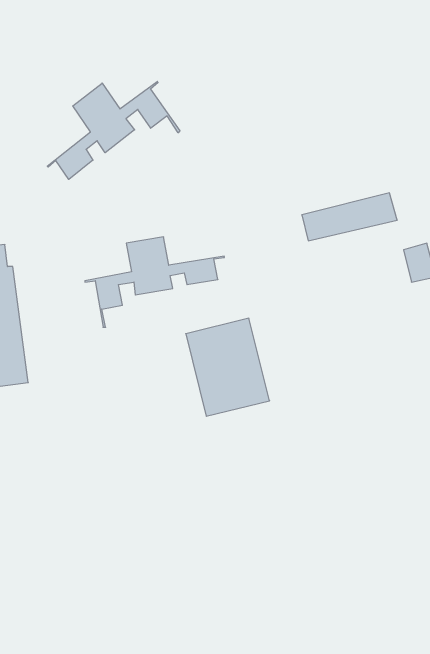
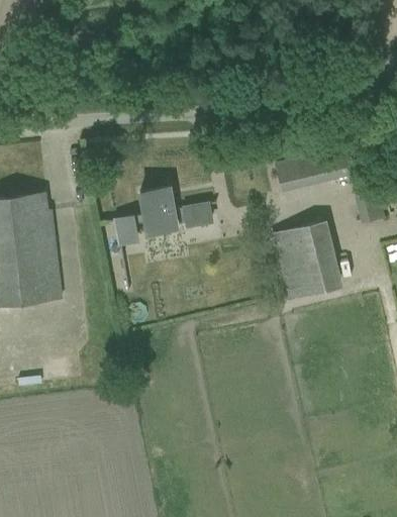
building: [47,81,180,179] -> none
building: [186,318,270,416] -> [272,222,337,299]

